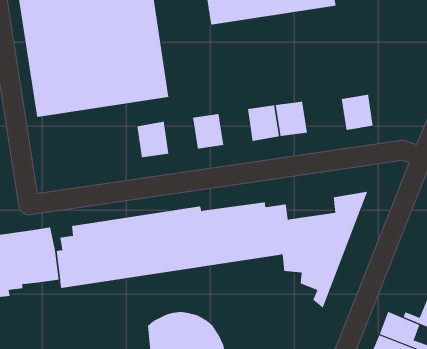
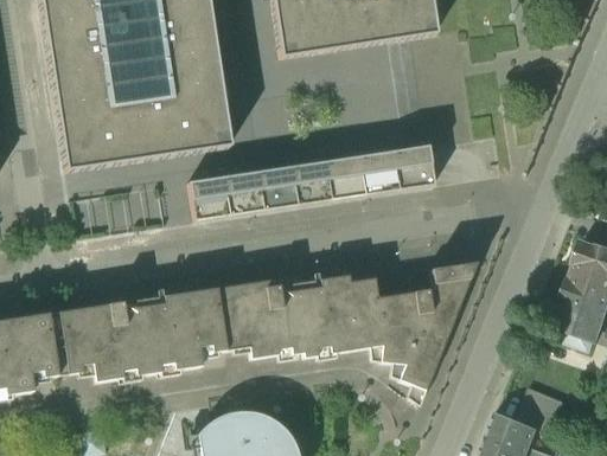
building: [341,94,374,131] -> [397,143,437,188]
building: none -> [294,159,334,204]
building: none -> [226,169,267,214]

